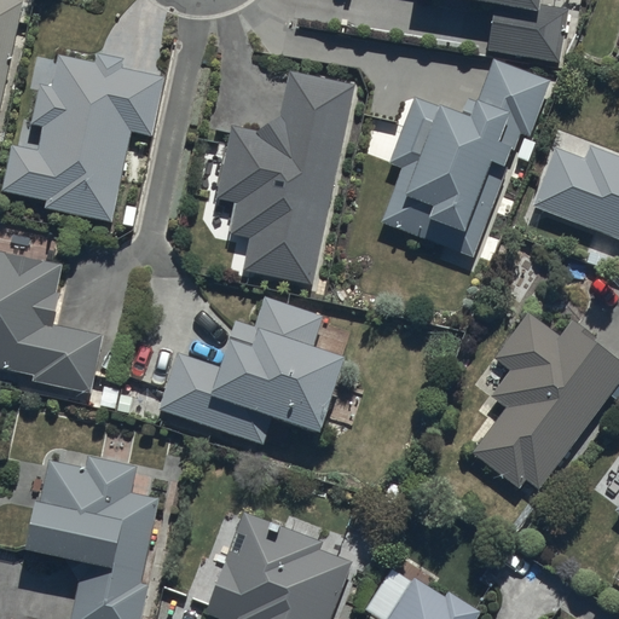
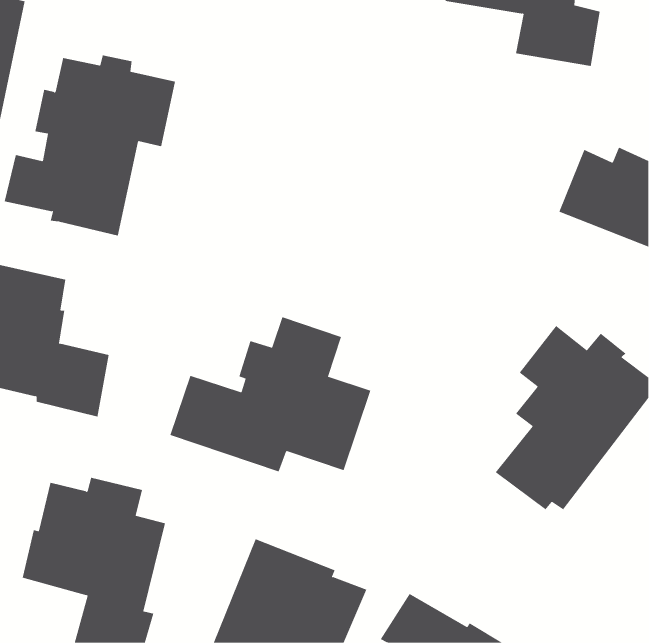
building: [380,60,551,261] -> none
building: [216,71,355,287] -> none

